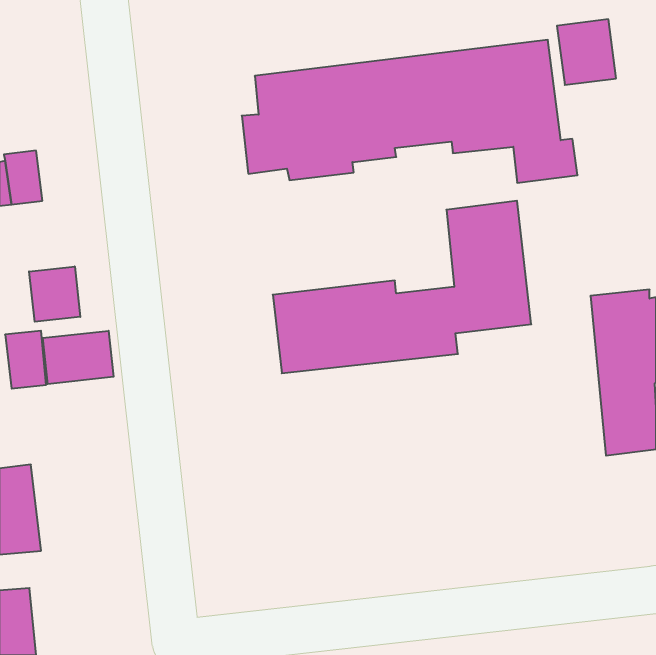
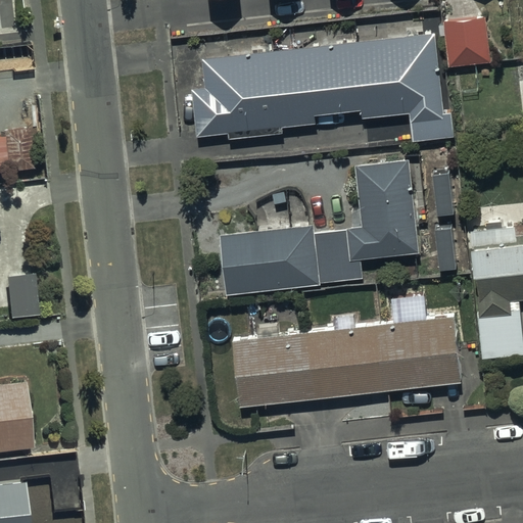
building: [29,266,80,322] -> none
building: [43,331,114,384] -> none
building: none -> [232,312,462,411]

